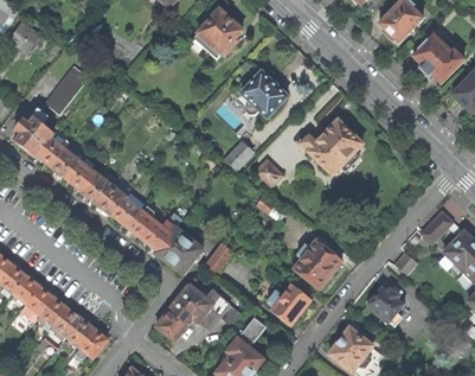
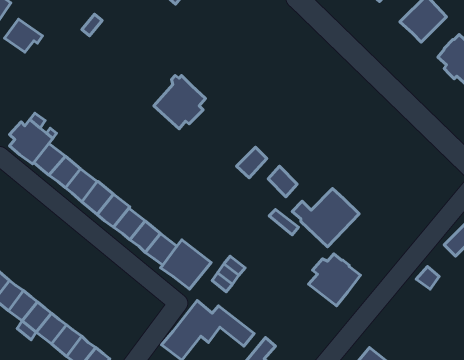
building: [192,7,240,57] -> [154,76,206,129]
building: [43,64,86,114] -> none
building: [237,71,285,117] -> none
building: [299,120,361,174] -> [292,189,359,247]
building: [269,285,309,325] -> none
building: [366,285,404,325] -> none

